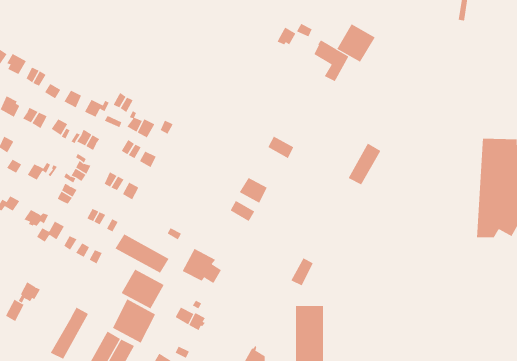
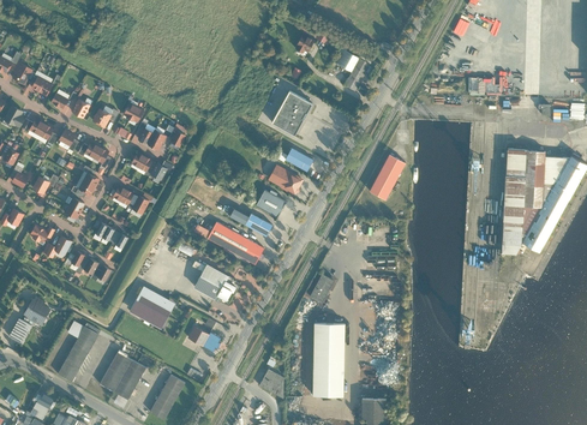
building: [336,24,375,63] -> none
building: none -> [270,91,311,133]
building: none -> [268,164,304,194]
building: [115,233,170,274] -> [206,222,264,264]
building: [112,299,156,343] -> none

